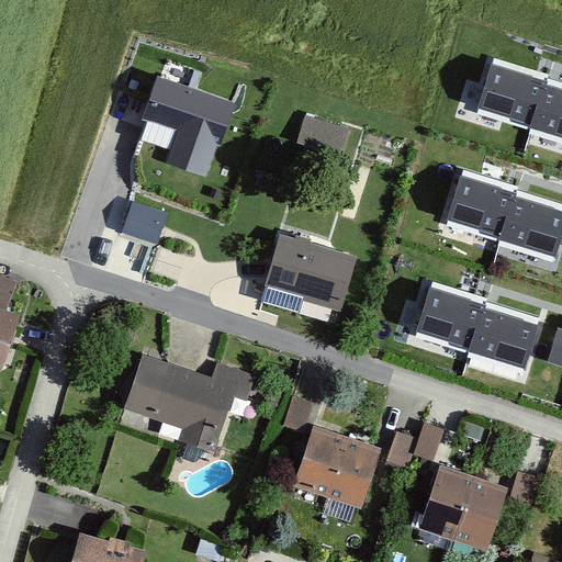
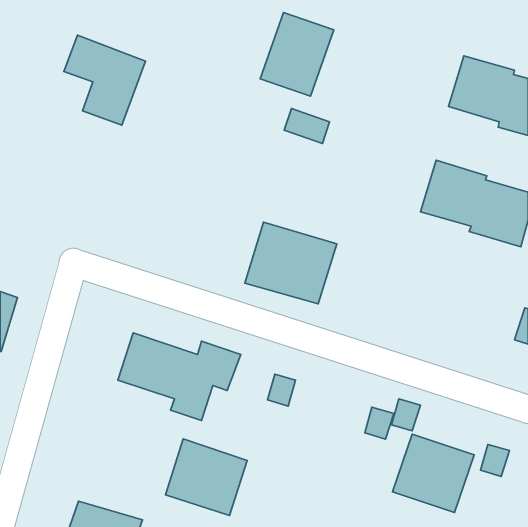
building: none -> [260,12,334,96]
building: [145,82,232,178] -> [64,35,146,125]
building: [121,201,167,241] -> none
building: [415,283,539,375] -> none
building: [293,423,380,504] -> [166,439,247,515]

